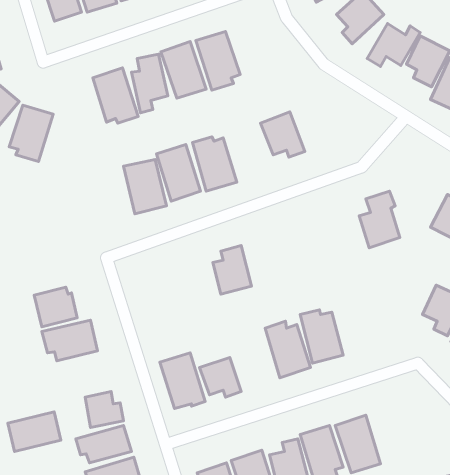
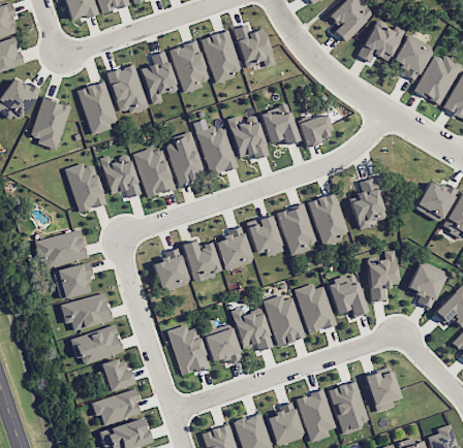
building: none -> [234,25,275,68]
building: none -> [76,81,118,133]
building: none -> [298,113,332,147]
building: none -> [226,116,269,159]
building: none -> [99,155,142,197]
building: none -> [65,161,105,212]
building: none -> [308,192,348,246]
building: none -> [276,203,316,255]
building: none -> [247,216,282,256]
building: none -> [36,230,87,265]
building: none -> [182,239,221,282]
building: none -> [153,247,189,291]
building: none -> [367,250,399,301]
building: none -> [327,273,367,317]
building: none -> [232,308,272,350]
building: none -> [365,367,399,412]
building: [8,412,61,452] -> [73,326,122,362]

